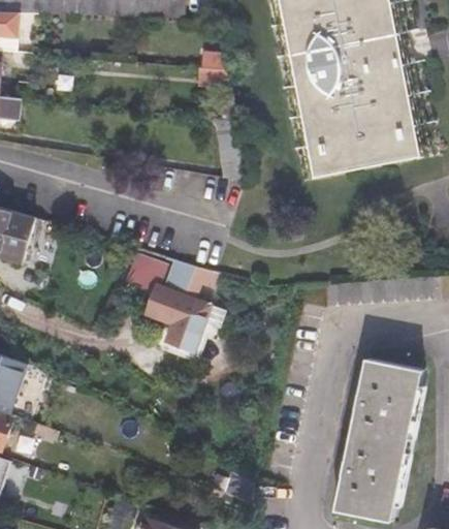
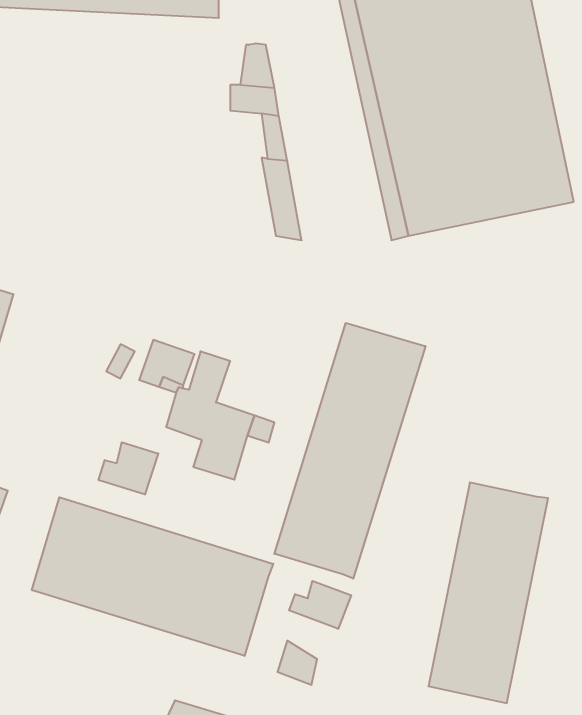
building: none -> [274,323,425,579]
building: none -> [99,442,158,495]
building: none -> [32,497,273,656]
building: none -> [289,581,351,629]

